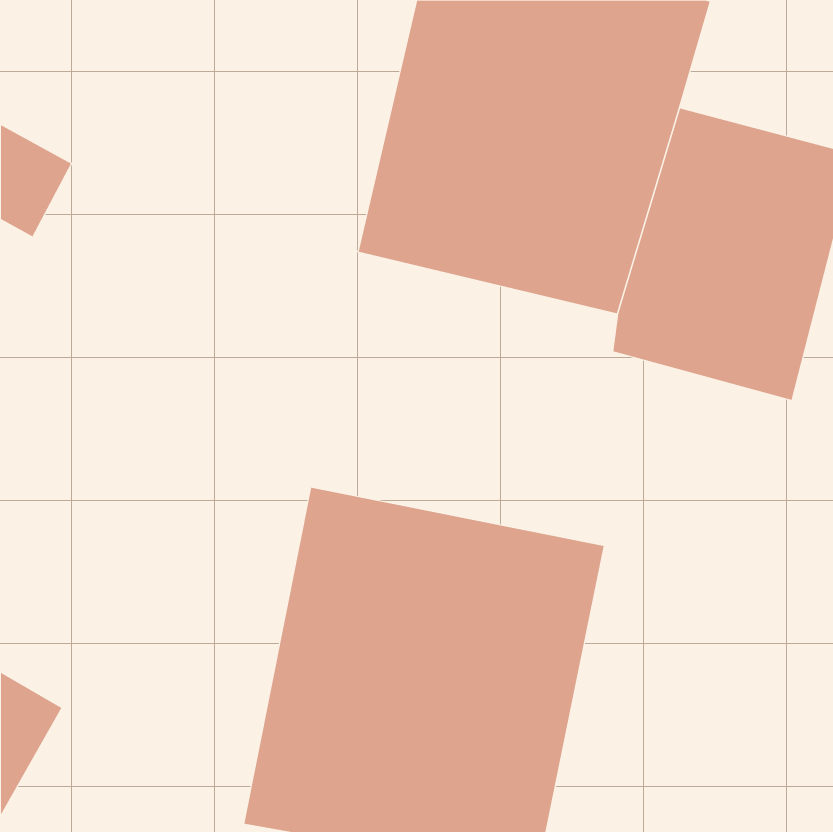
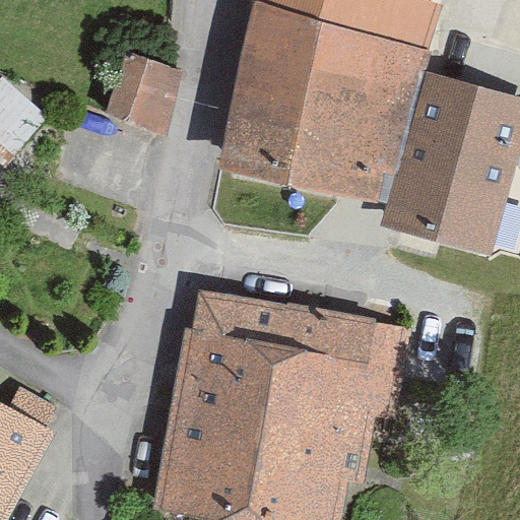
building: none -> [96,48,182,131]

